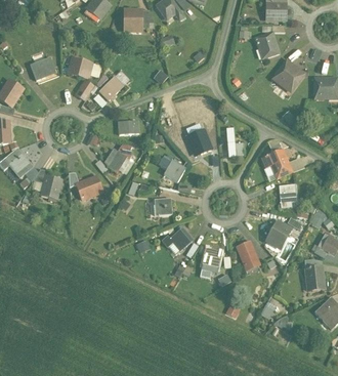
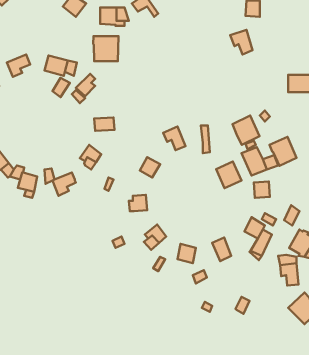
building: none -> [93,36,119,61]
building: [276,59,303,86] -> none
building: none -> [233,115,260,145]
building: none -> [269,137,296,166]
building: none -> [216,161,242,188]

